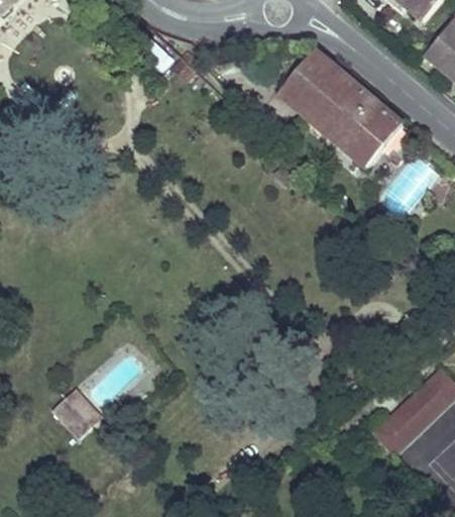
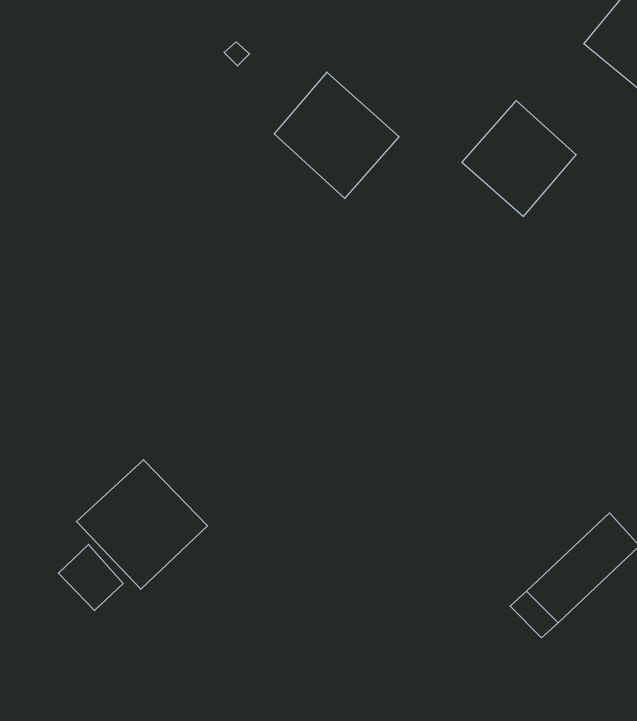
building: [290,53,373,137] -> [274,72,399,199]
building: none -> [76,460,208,589]

